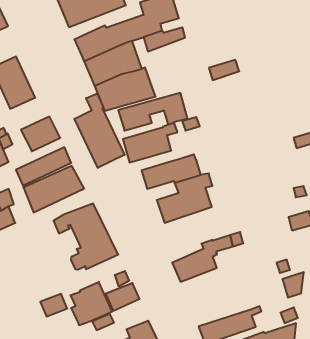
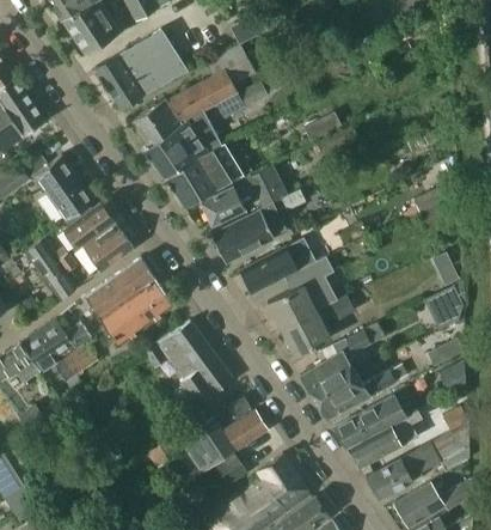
building: [74,94,125,168] -> none
building: none -> [65,203,113,248]
building: none -> [281,297,354,357]
building: none -> [313,366,407,420]
building: none -> [332,396,406,451]

